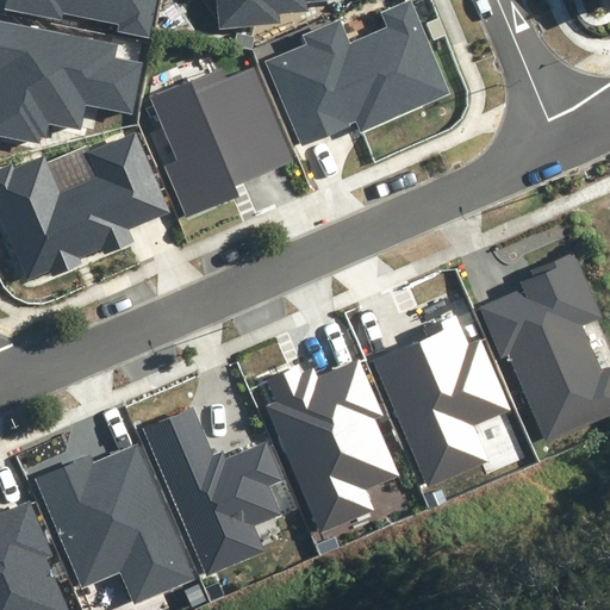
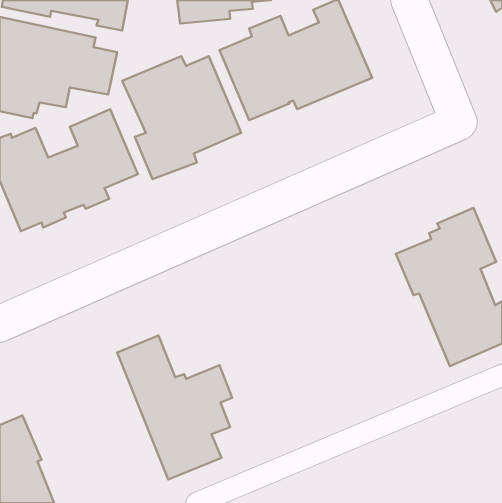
building: [372,316,509,490] -> none
building: [264,361,398,533] -> none
building: [35,444,194,604] -> none

